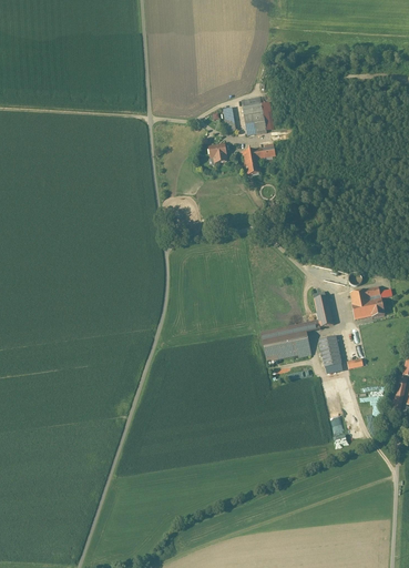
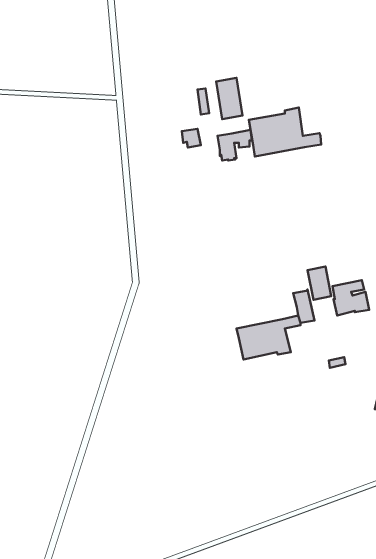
building: none -> [249,107,321,156]
building: [319,335,341,366] -> [308,267,331,300]

